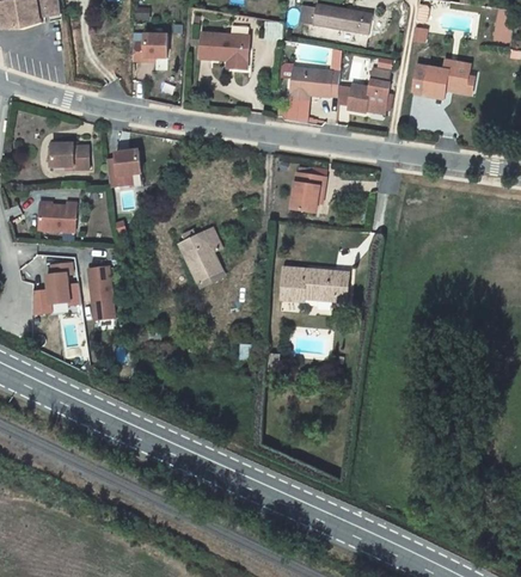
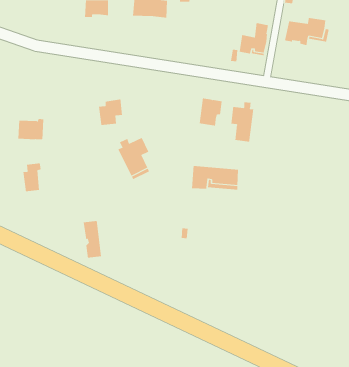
building: [289,67,339,100] -> none
building: [50,143,88,168] -> none
building: [105,149,140,186] -> [98,99,123,125]
building: none -> [231,101,254,143]
building: [87,266,114,319] -> [83,221,102,258]

